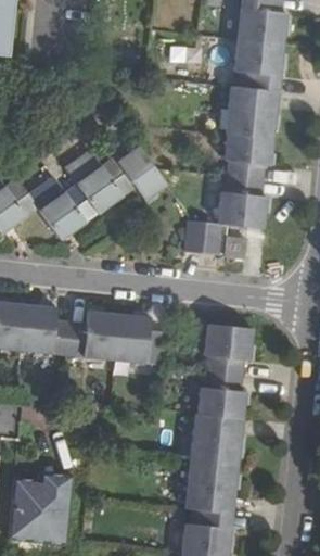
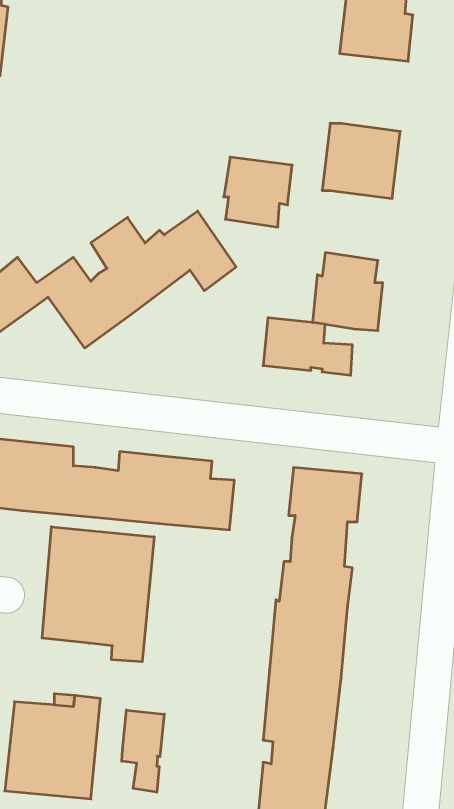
building: [233,38,283,91] -> none
building: [226,131,272,179] -> [224,157,292,227]
building: none -> [42,527,154,662]
building: none -> [122,710,164,792]

